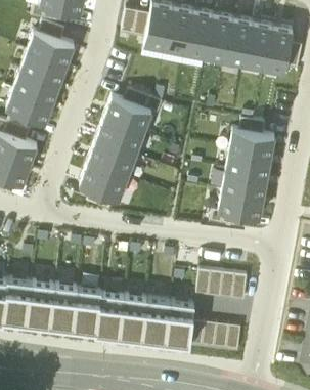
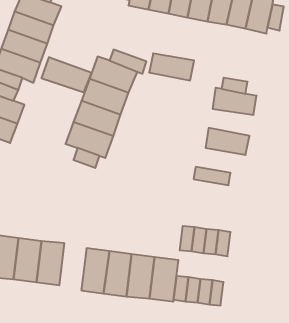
building: none -> [42,57,92,92]
building: [226,148,272,176] -> [149,53,194,80]
building: [219,188,264,216] -> none
building: [74,286,101,332] -> none

